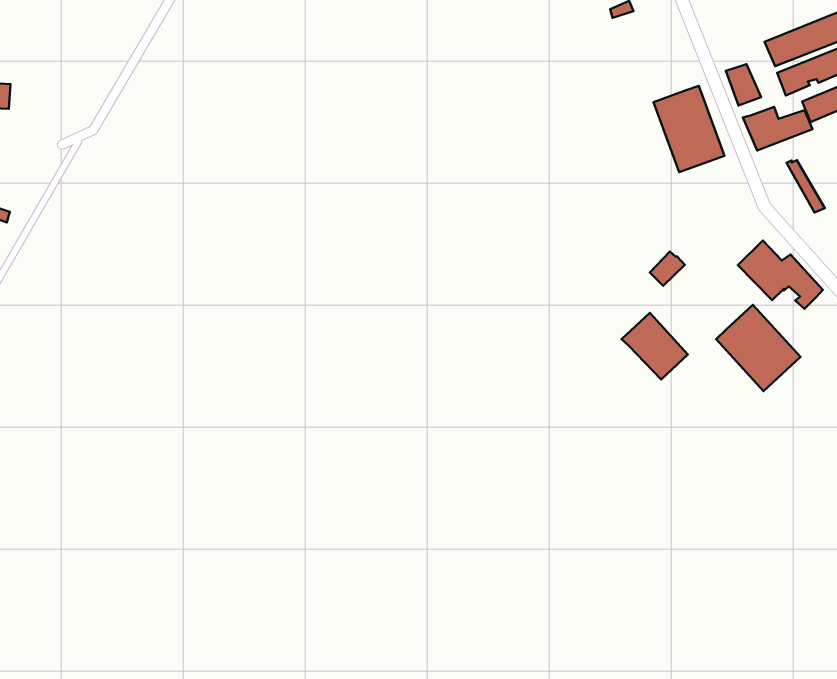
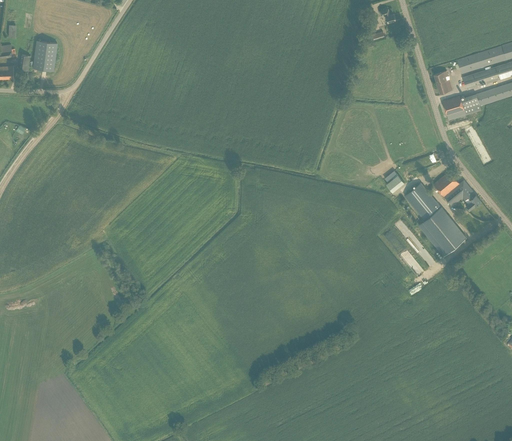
building: none -> [32,39,56,70]
building: [653,86,725,172] -> none
building: [621,313,688,379] -> [403,181,440,219]

